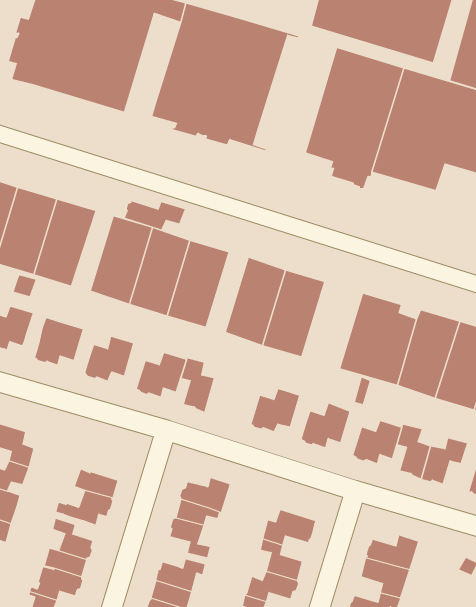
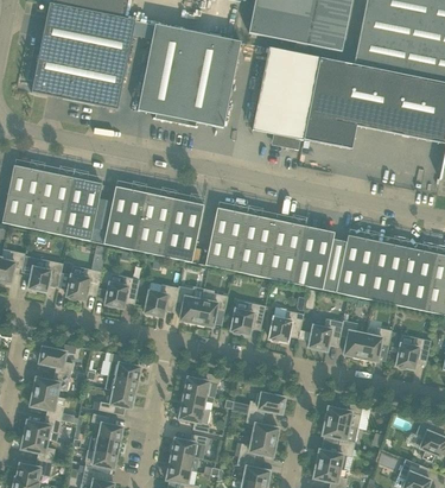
building: [124,200,186,230] -> none
building: none -> [263,220,304,283]
building: none -> [196,287,227,327]
building: none -> [108,351,140,380]

